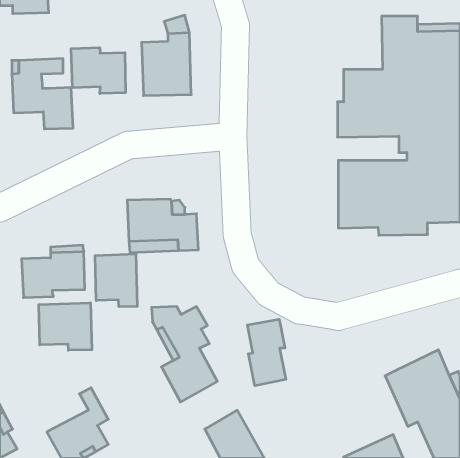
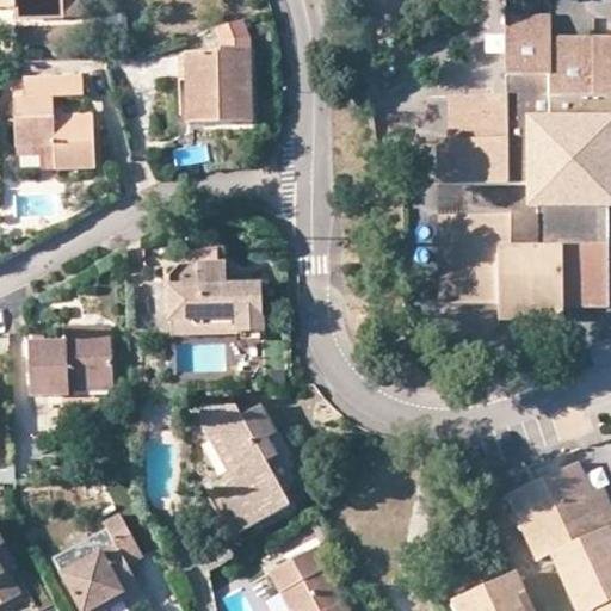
building: [71,48,125,94] -> none
building: [95,254,137,307] -> none
building: [39,303,92,350] -> none
building: [247,319,286,386] -> none

